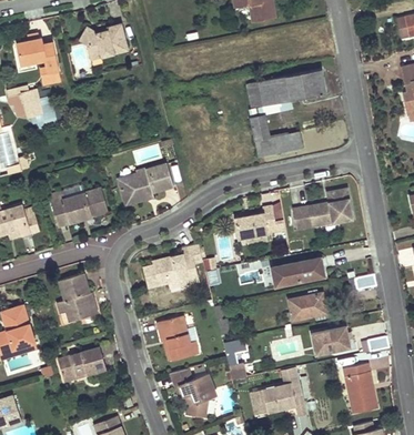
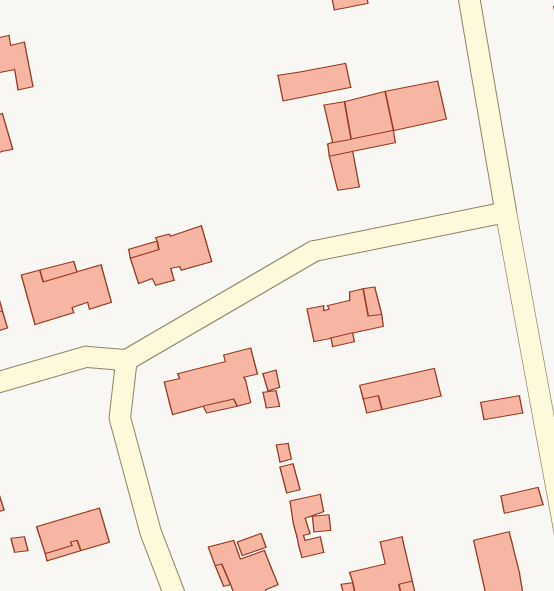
building: [80,24,128,60] -> none
building: [255,132,303,156] -> [278,64,351,101]
building: [293,188,353,229] -> none
building: [58,273,97,321] -> none
building: [287,290,333,321] -> none
building: [159,316,199,360] -> none
building: [312,326,350,354] -> none

